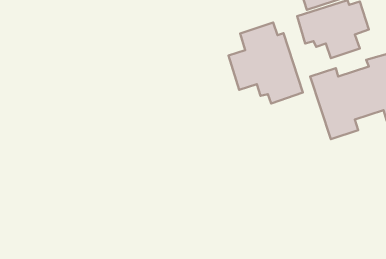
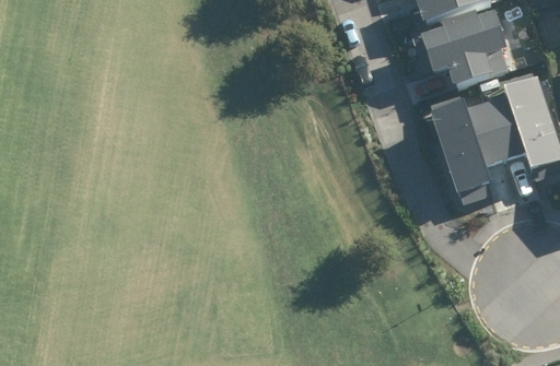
building: [228,23,303,104] -> none

